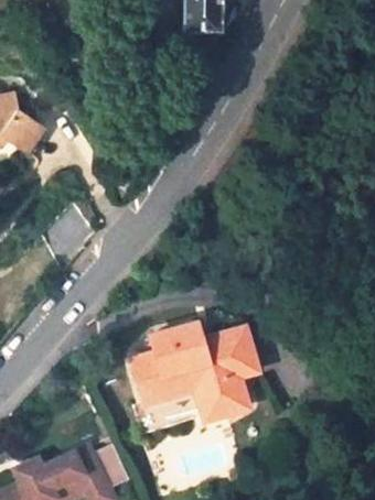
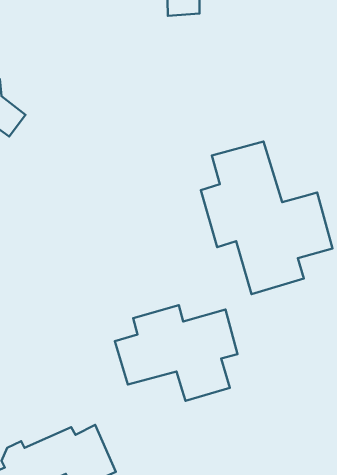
building: none -> [201,142,333,294]
building: [133,389,201,432] -> none

